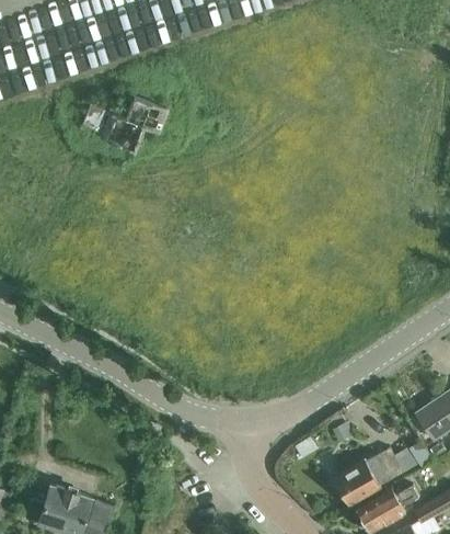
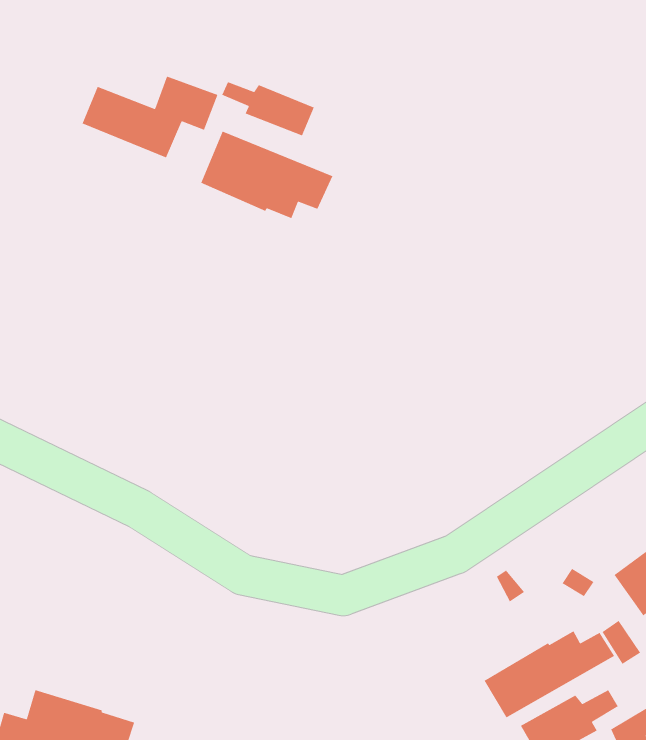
building: none -> [221,81,315,137]
building: none -> [200,131,333,219]

